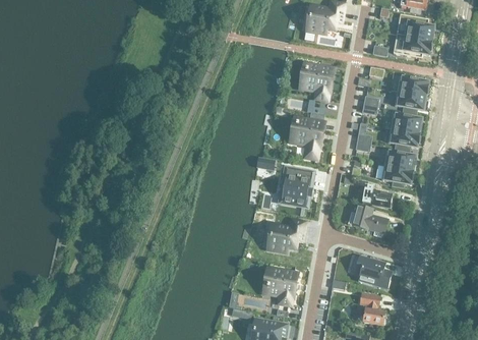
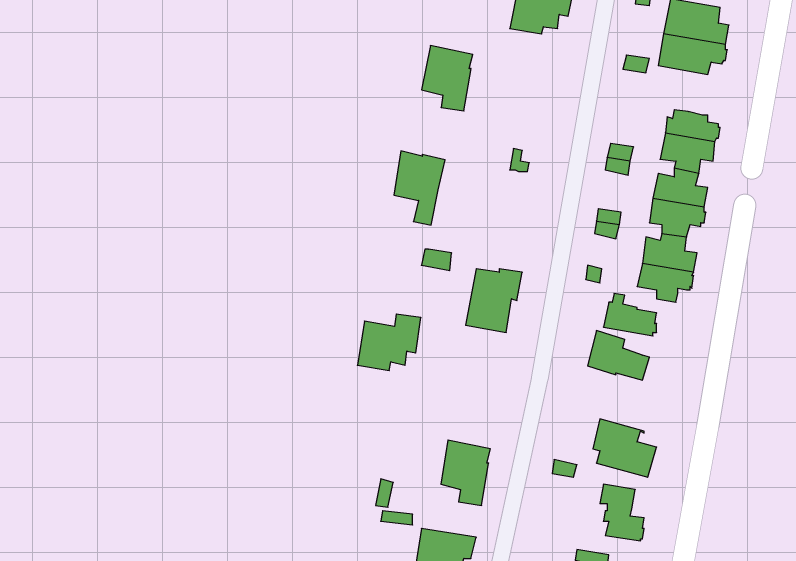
building: [302,62,332,100] -> [422,46,473,111]
building: [294,116,323,159] -> [394,151,445,225]
building: [267,219,304,251] -> [357,314,421,371]

